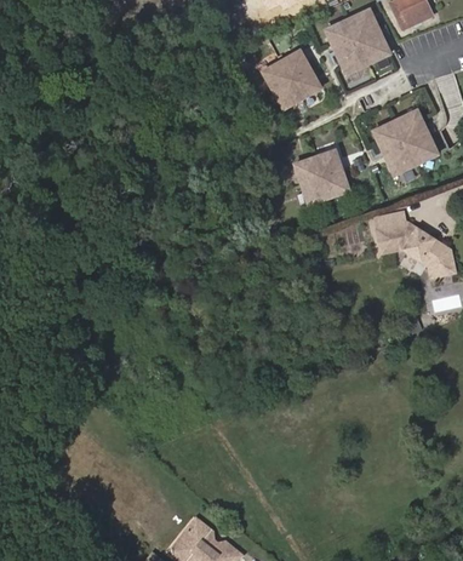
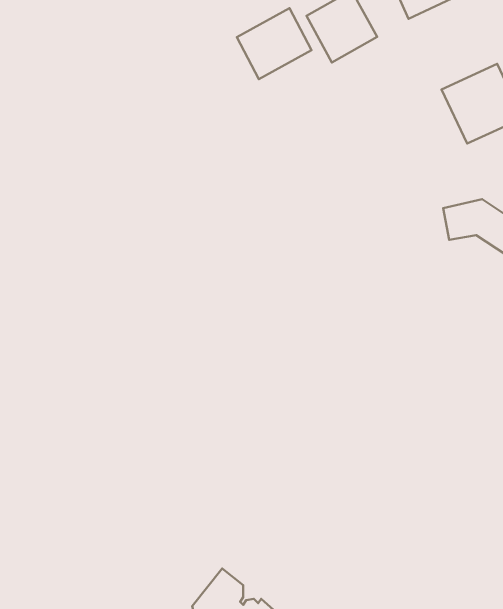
building: none -> [237,8,312,79]
building: [296,150,350,204] -> none

